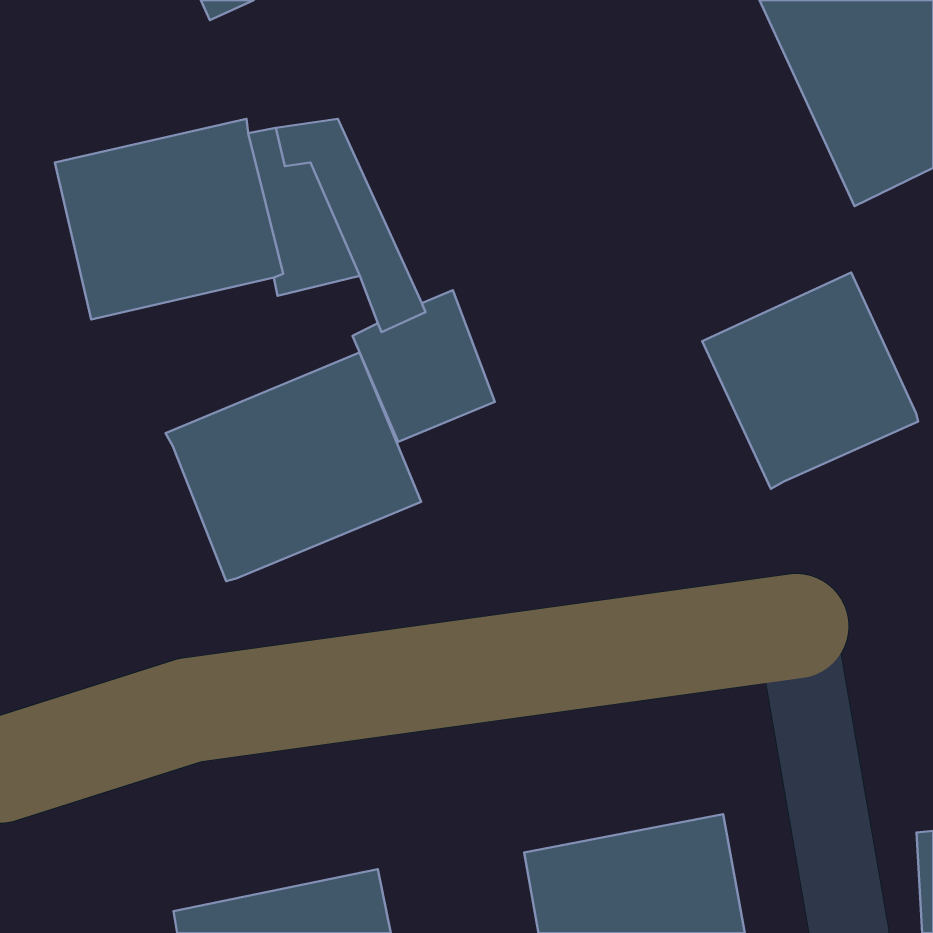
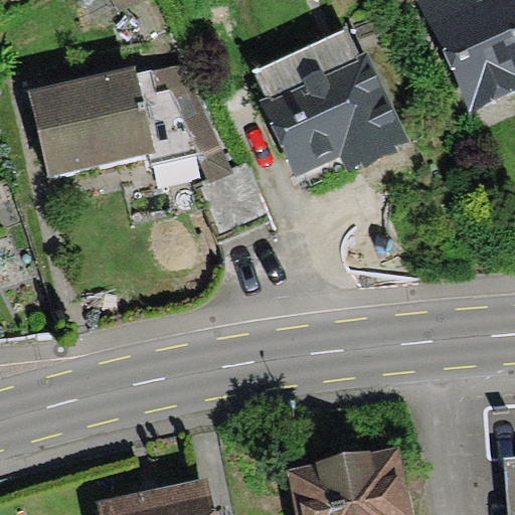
building: none -> [253,28,407,180]
building: [702,273,918,489] -> none
building: [166,352,421,581] -> none

